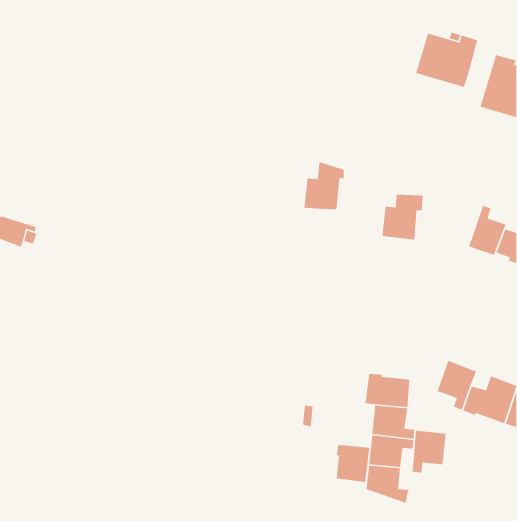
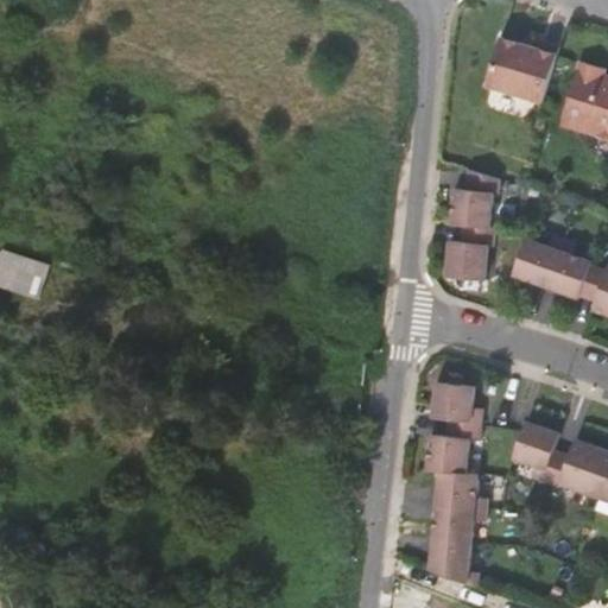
building: [304,161,344,210] -> [450,170,498,227]
building: none -> [512,234,563,287]
building: none -> [431,382,481,442]
building: [412,430,446,473] -> none
building: [336,444,370,483] -> none

